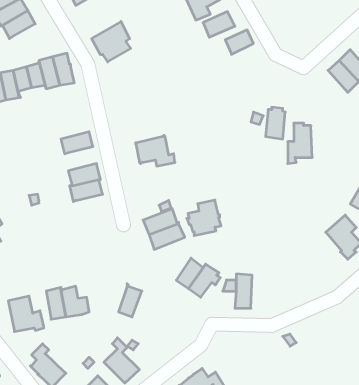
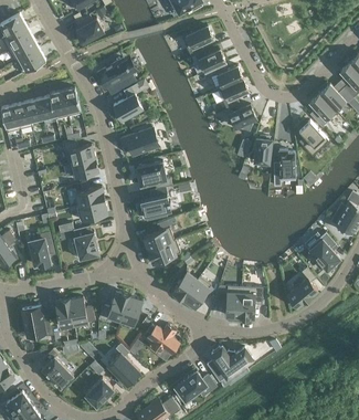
building: none -> [218,78,247,109]
building: none -> [113,84,142,120]
building: none -> [226,105,255,132]
building: none -> [298,122,328,156]
building: none -> [120,128,159,157]
building: none -> [62,140,94,165]
building: [187,200,221,236] -> [139,188,170,220]
building: none -> [72,227,98,260]
building: none -> [27,232,54,266]
building: none -> [287,267,317,307]
building: none -> [240,287,262,318]
building: none -> [98,292,128,322]
building: none -> [139,325,178,354]
building: none -> [210,347,252,381]

